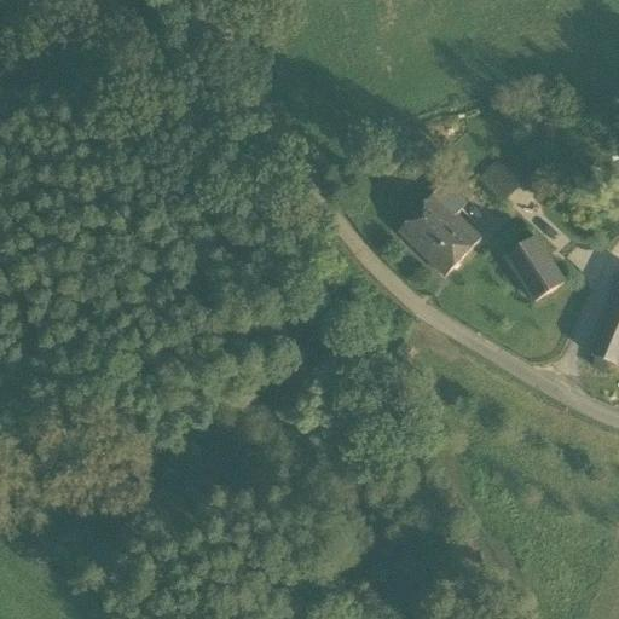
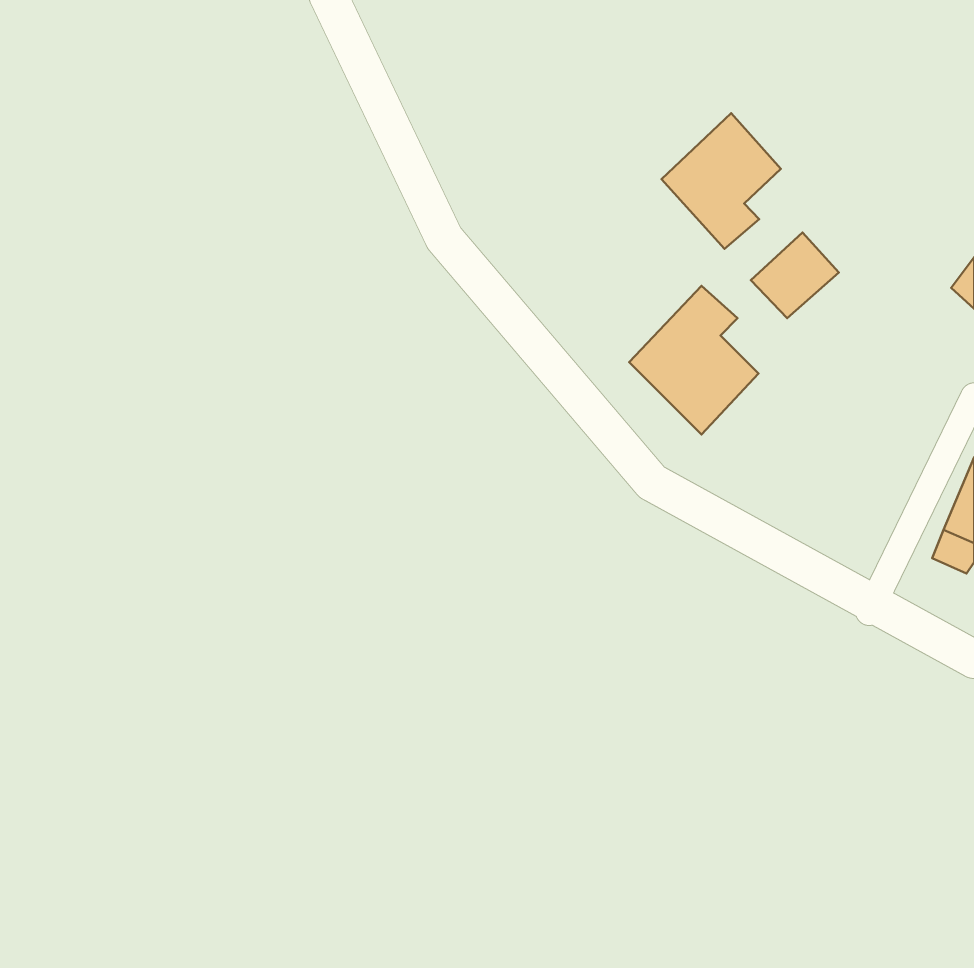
building: none -> [661,113,781,249]
building: [505,236,567,302] -> none

